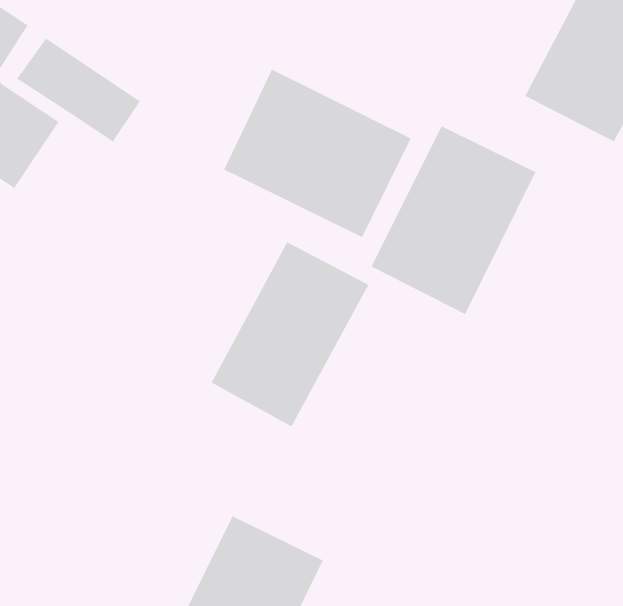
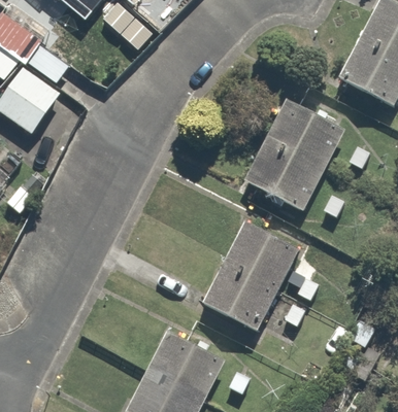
building: [223,69,412,238] -> none
building: [211,241,370,428] -> [206,218,301,330]

